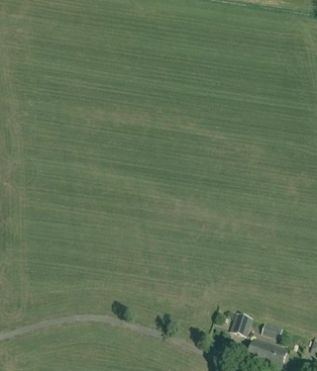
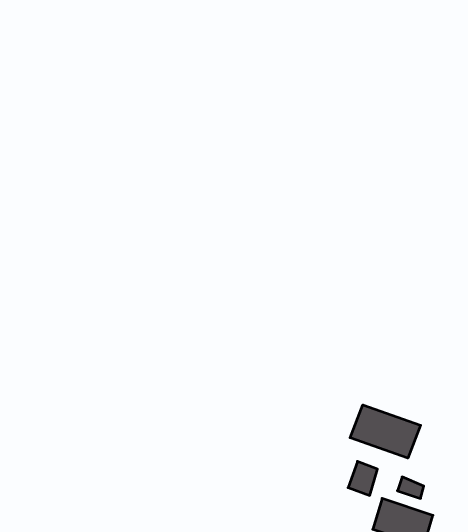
building: none -> [350,405,421,458]

